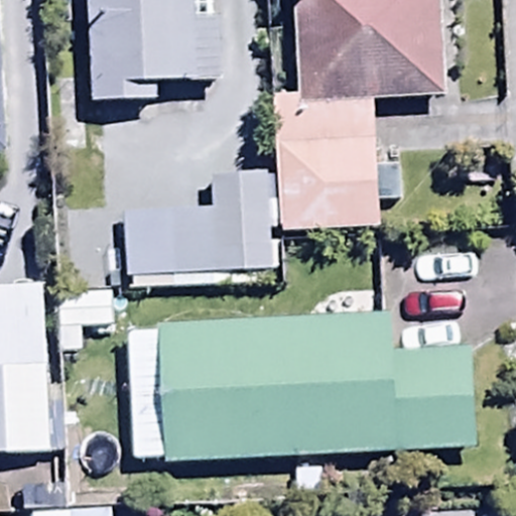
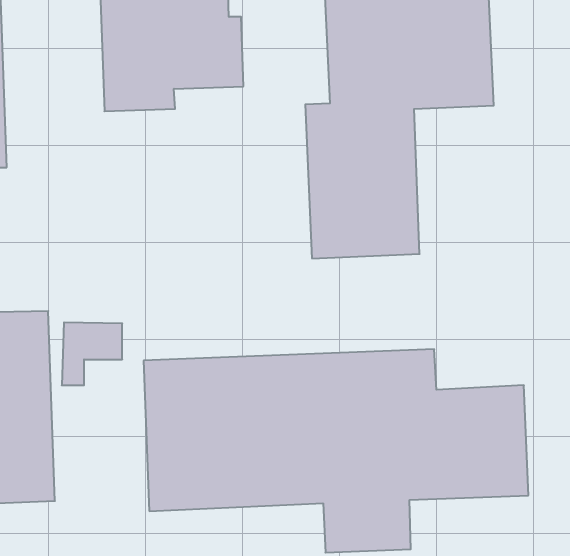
building: [123,173,276,284] -> none

